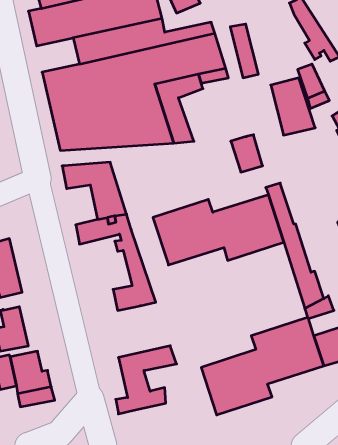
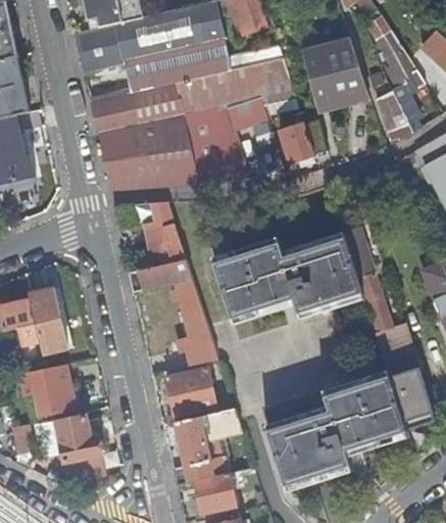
building: [271,78,315,135] -> [318,39,368,103]
building: [231,135,263,172] -> [279,122,314,163]
building: none -> [164,364,215,418]
building: none -> [193,471,241,514]

